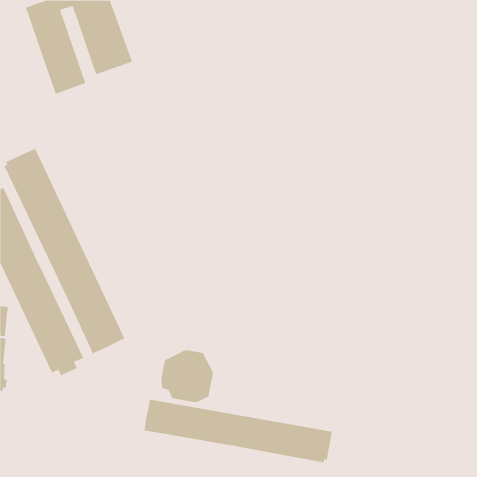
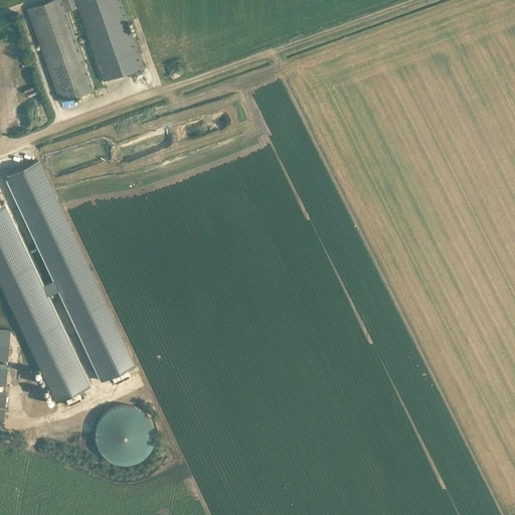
building: [160,350,214,402] -> [96,405,153,462]
building: [143,399,332,463] -> none

